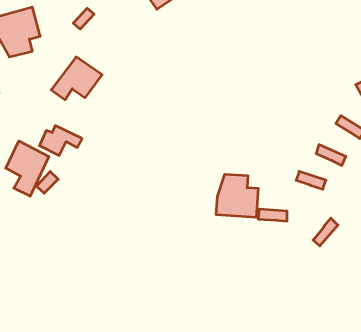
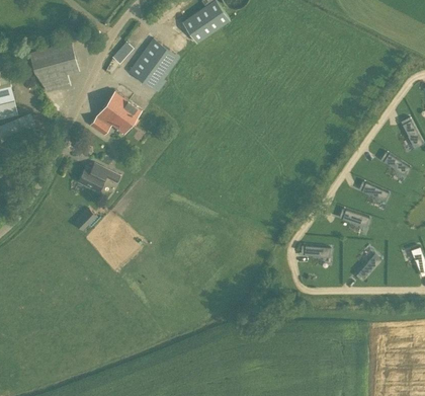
building: none -> [126,38,178,93]
building: [6,141,49,196] -> none
building: [216,174,258,217] -> none

